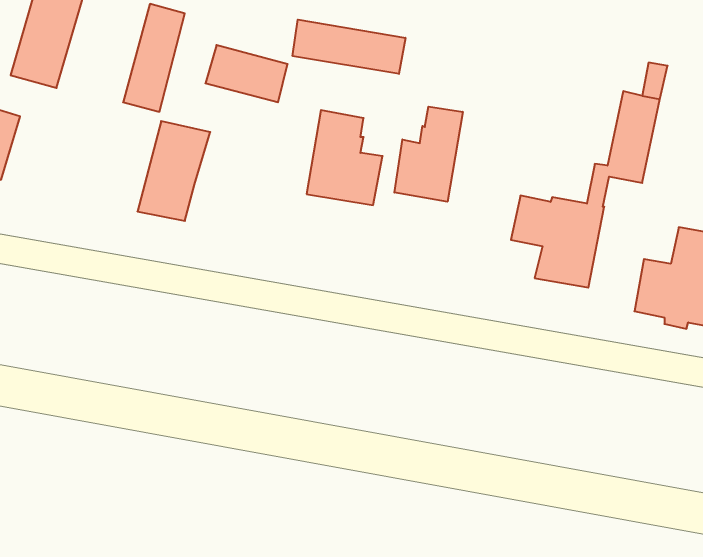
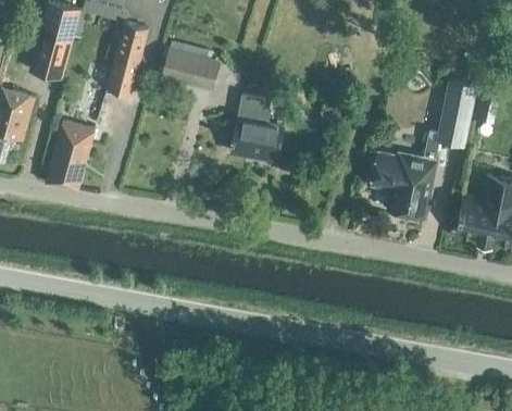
building: [293,20,405,74] -> none
building: [394,107,463,202] -> none
building: [137,121,210,221] -> [46,120,96,188]

